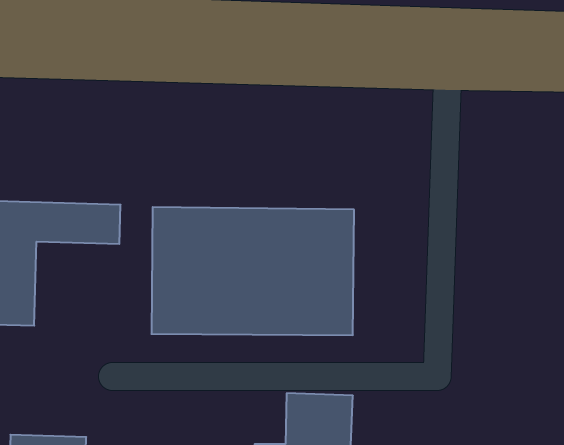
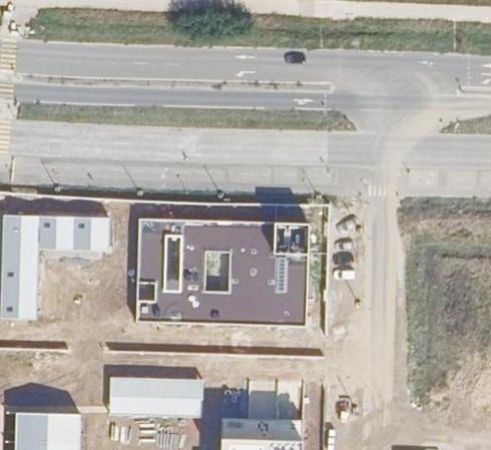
building: none -> [110,377,204,416]

